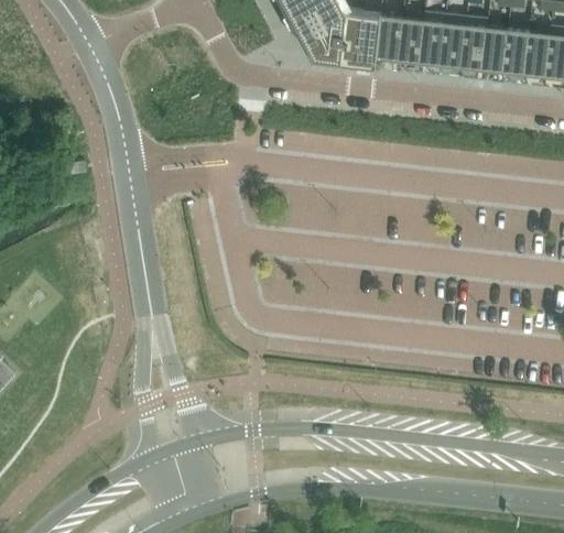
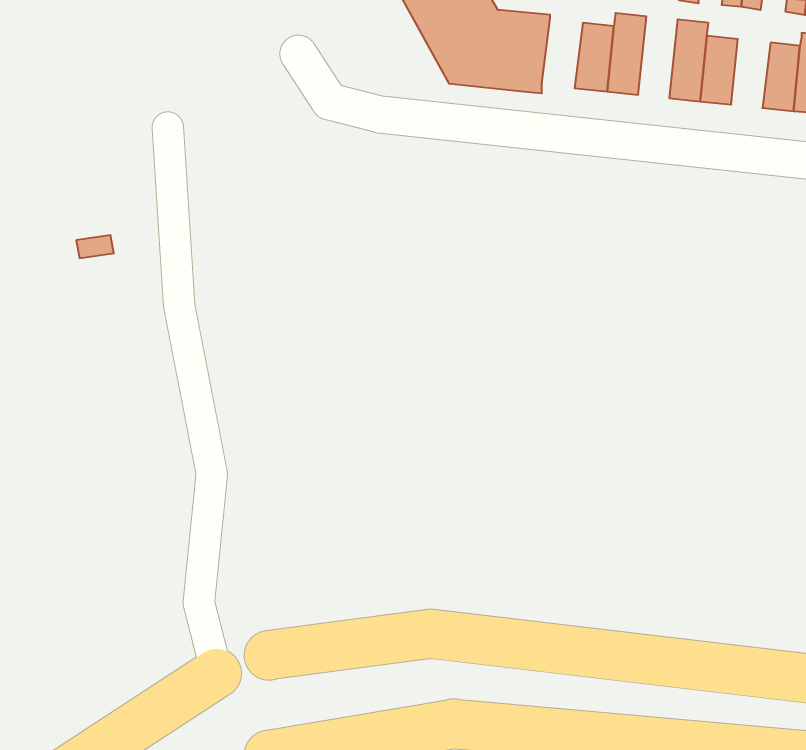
building: [441,15,467,70] -> none
building: [376,17,403,64] -> none
building: [503,31,530,77] -> none

